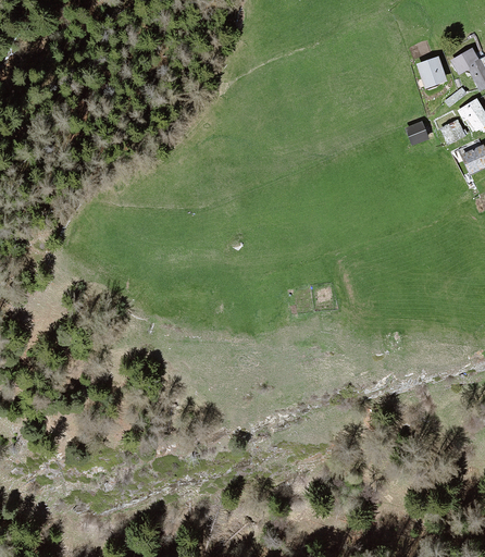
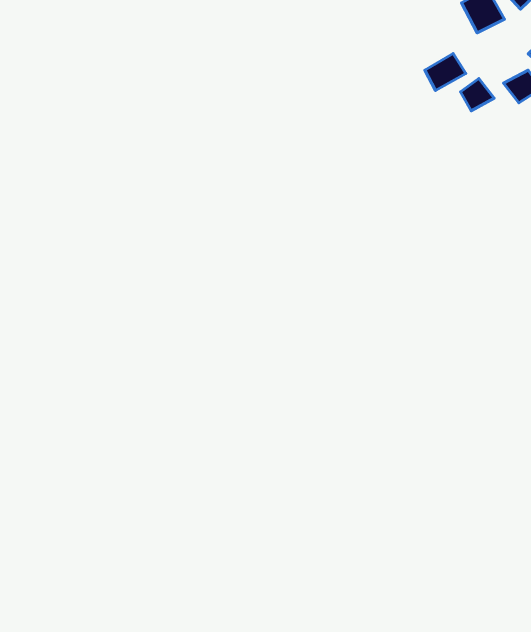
building: none -> [425,54,466,90]

